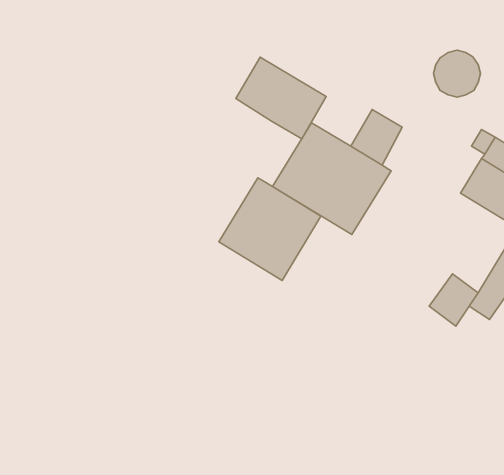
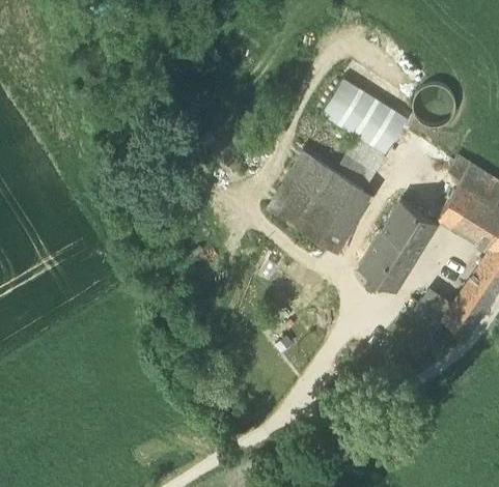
building: [236,57,326,139] -> [323,79,407,154]
building: [219,178,321,280] -> none
building: none -> [362,203,438,292]

